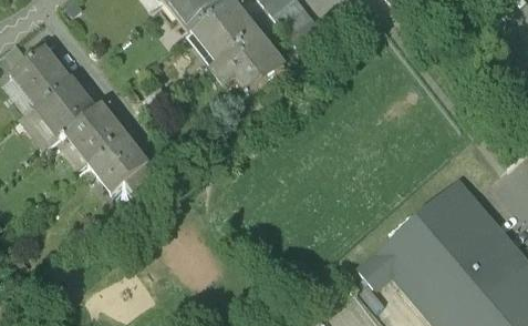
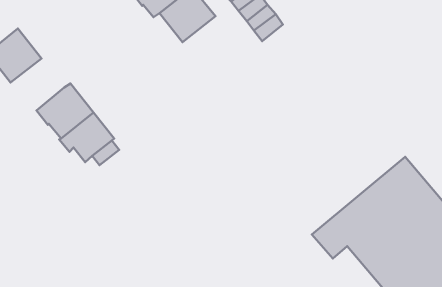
building: [210,29,283,91] -> none
building: [31,74,94,145] -> none

